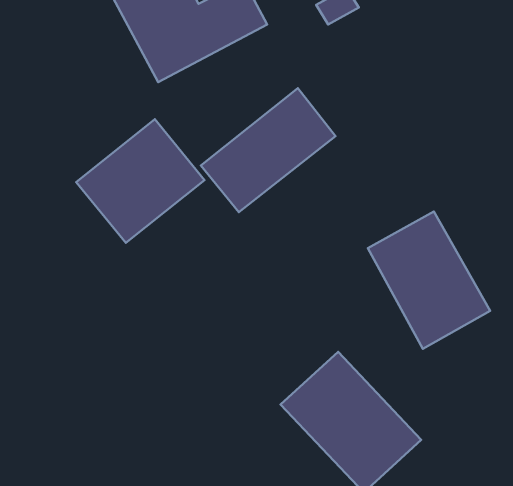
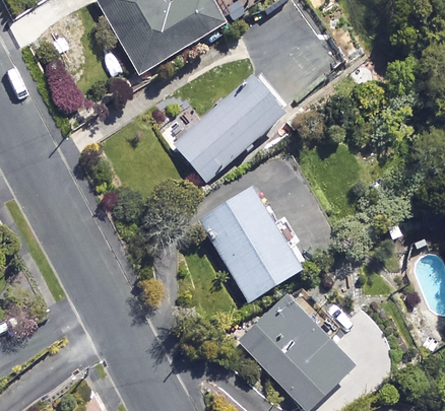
building: [76,119,205,243] -> none
building: [368,211,490,349] -> [200,187,302,300]

